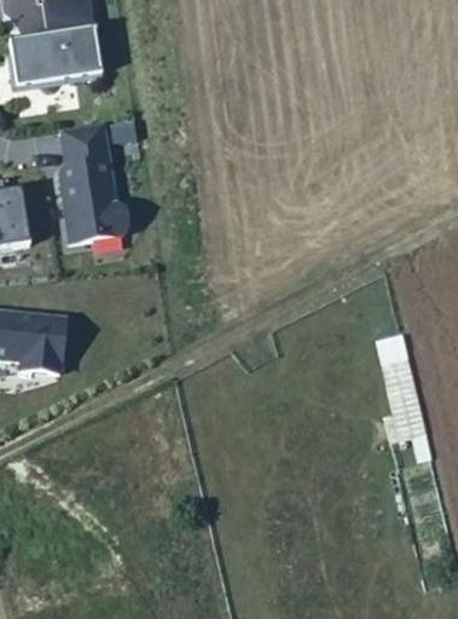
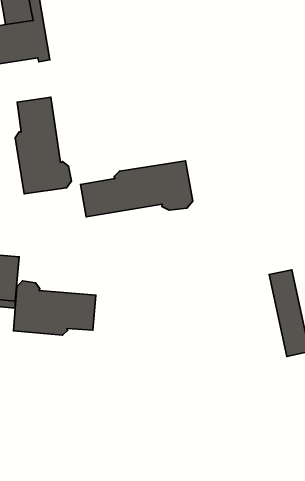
building: none -> [81,161,193,217]
building: none -> [14,281,96,335]

